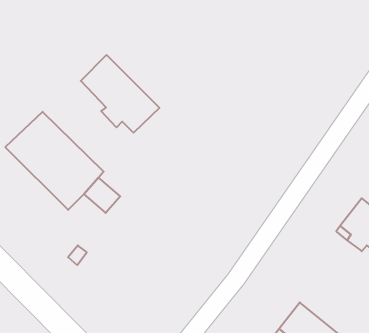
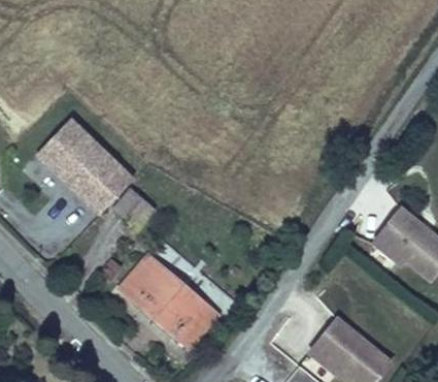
building: [81,55,159,133] -> none
building: none -> [117,253,216,346]

